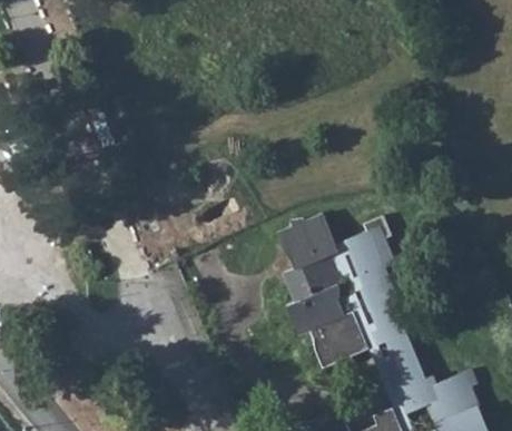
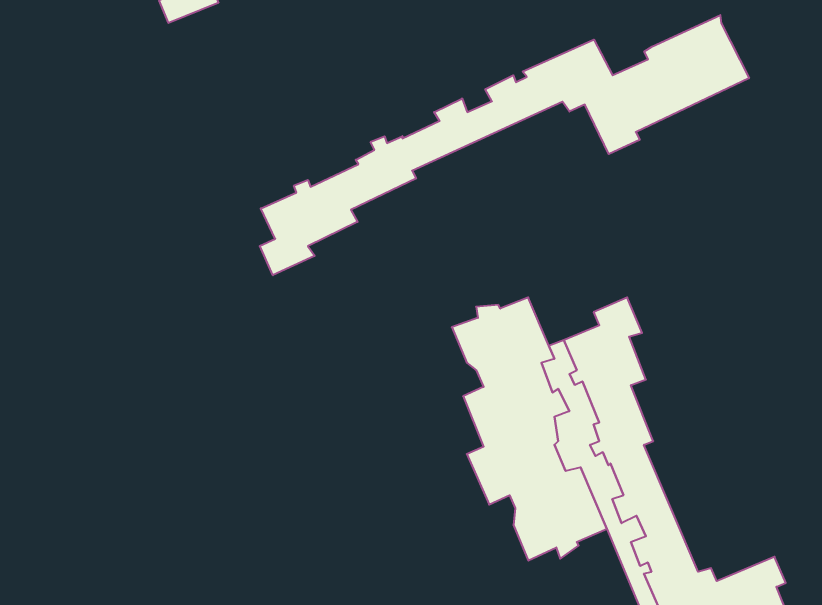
building: none -> [260,15,749,275]

